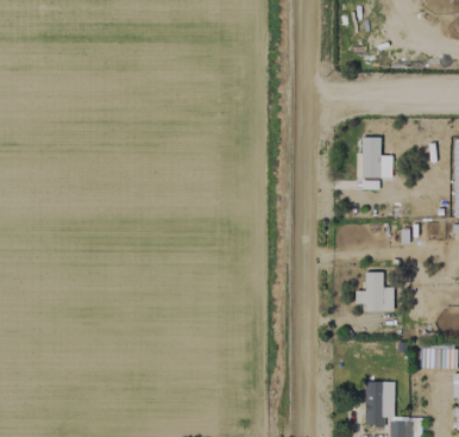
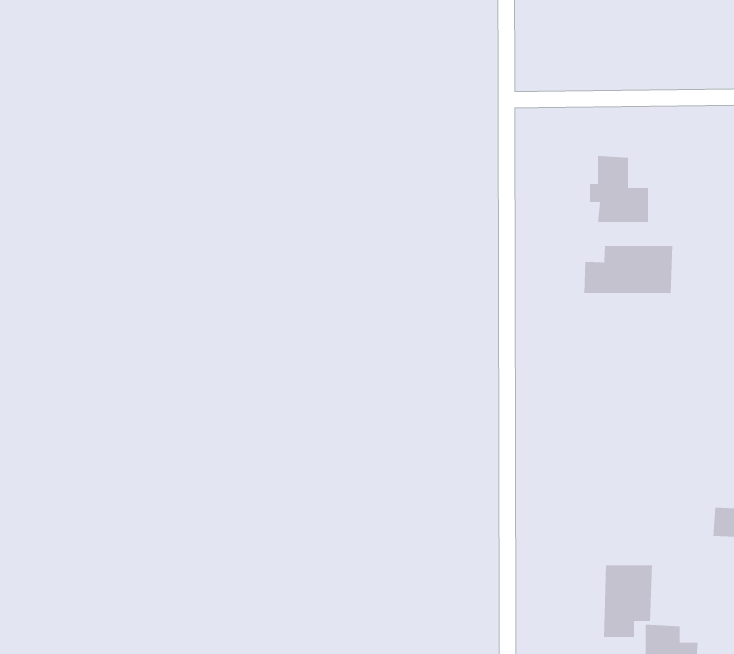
building: none -> [584,245,673,294]
building: [356,273,394,311] -> none

